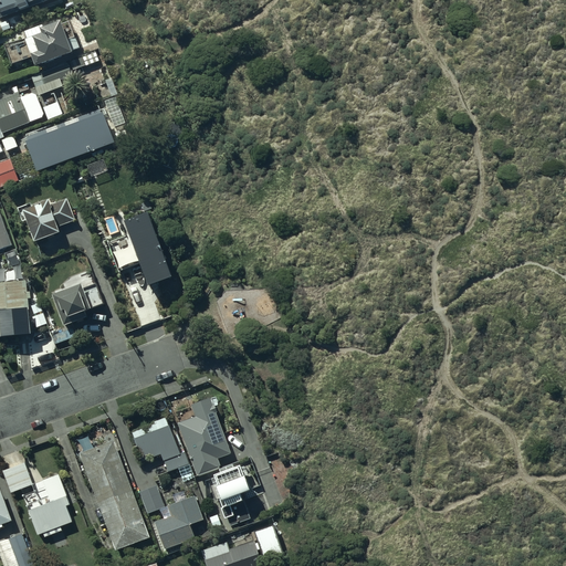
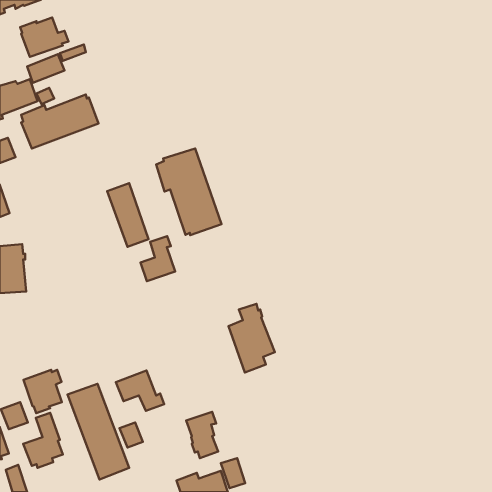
building: none -> [156,148,221,235]
building: [15,197,75,241] -> none
building: none -> [141,236,175,281]
building: [51,283,102,326] -> none
building: [177,397,230,475] -> [228,304,275,372]
building: none -> [24,370,62,413]
building: [153,495,202,548] -> none

